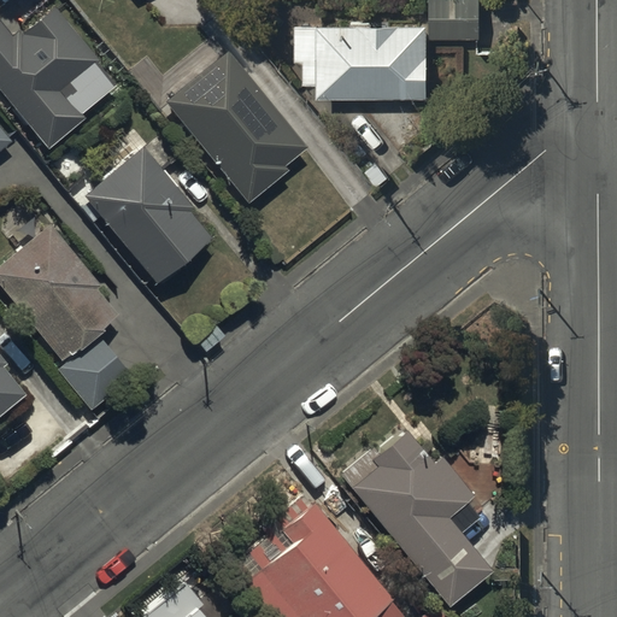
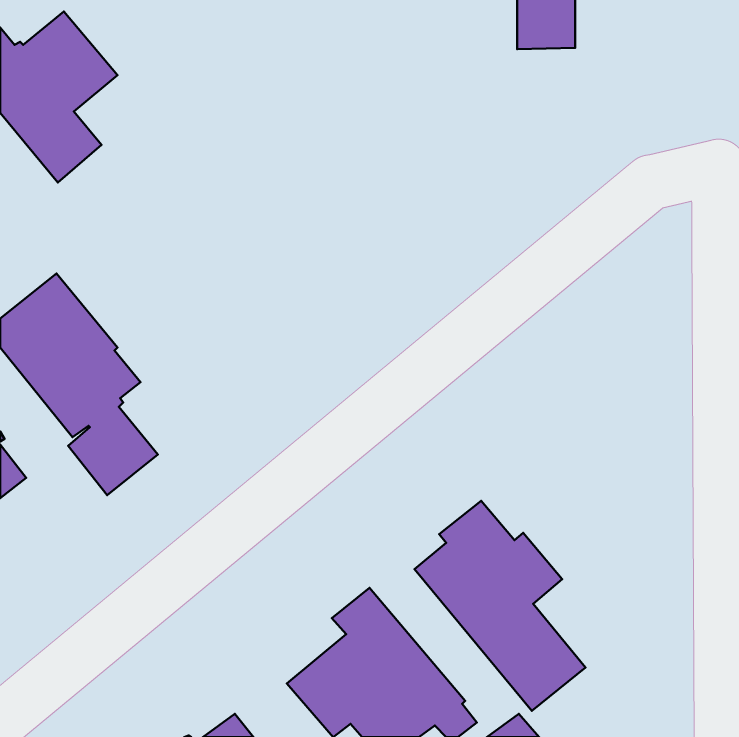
building: [296,28,429,101] -> none
building: [169,53,299,194] -> none
building: [82,149,211,288] -> none

